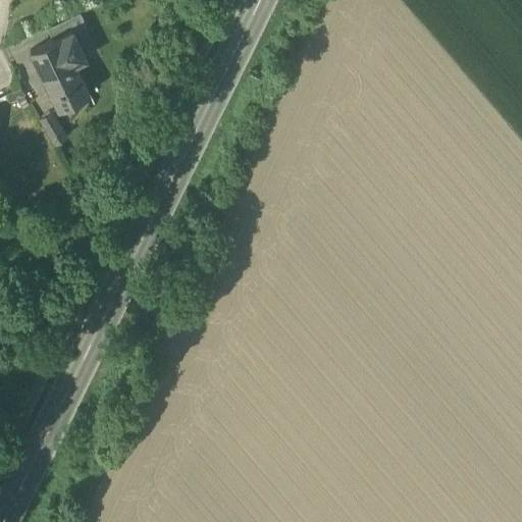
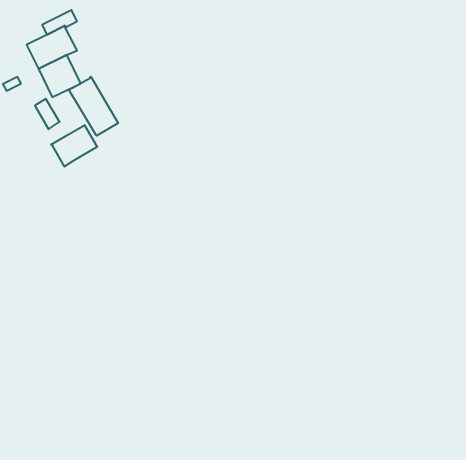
building: none -> [69,77,118,136]
building: none -> [51,125,97,167]

